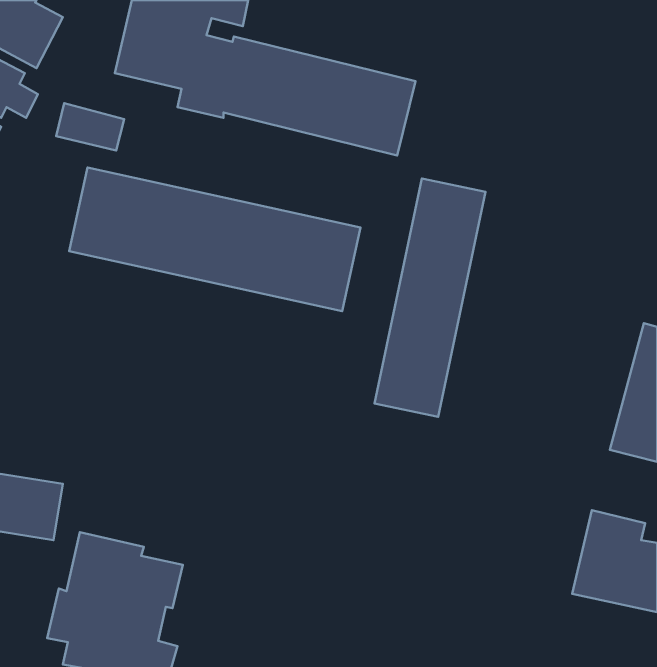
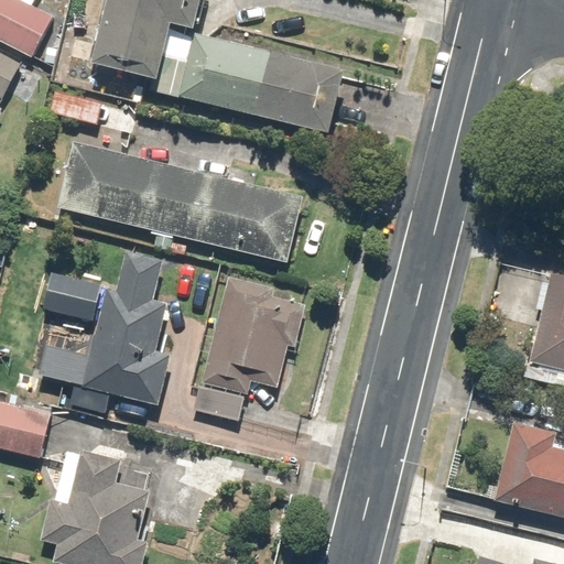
building: [375,178,486,417] -> none
building: none -> [41,251,173,404]
building: none -> [196,282,308,421]

